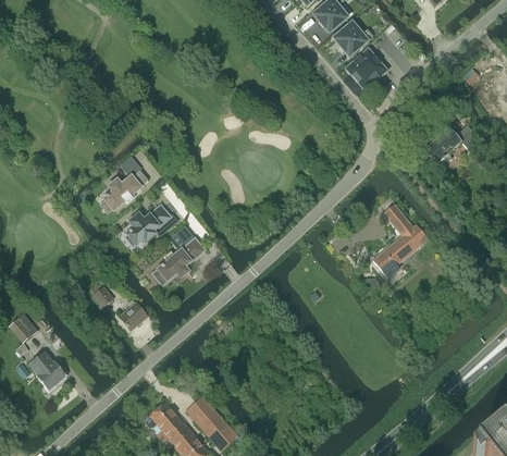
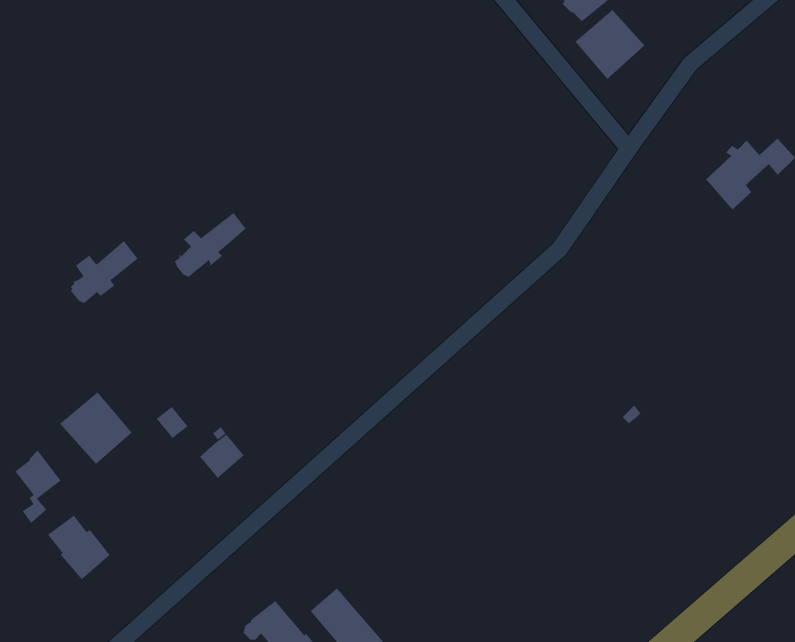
building: [372,202,428,276] -> none
building: [127,205,169,243] -> [70,240,139,304]
building: [159,238,202,278] -> none
building: none -> [59,392,132,465]

